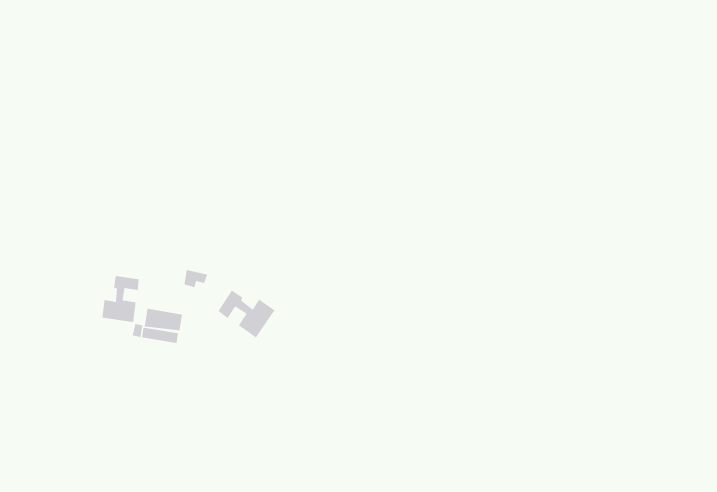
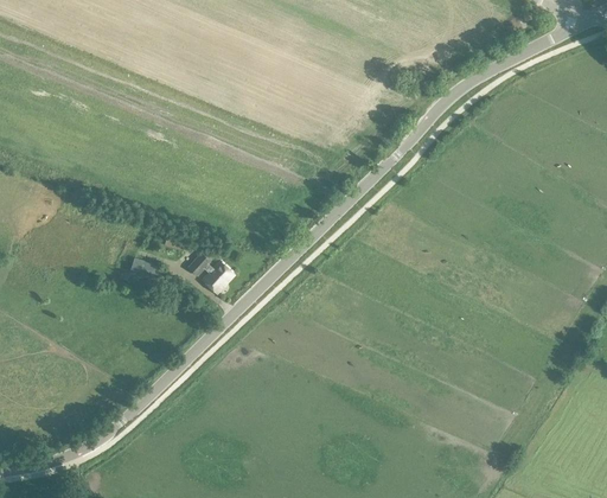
building: [101,275,139,323] -> none

